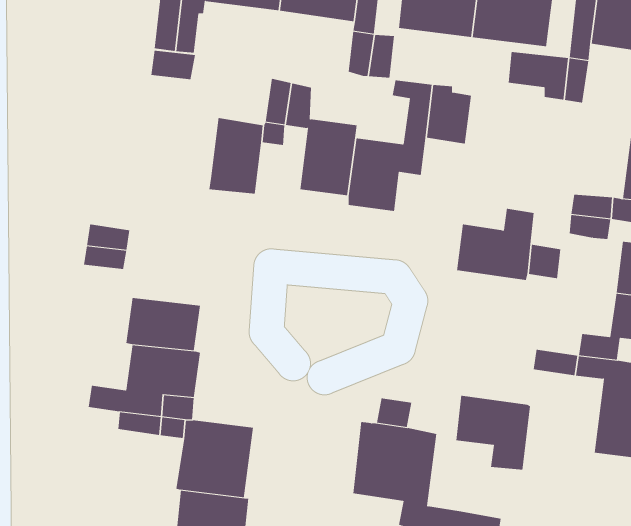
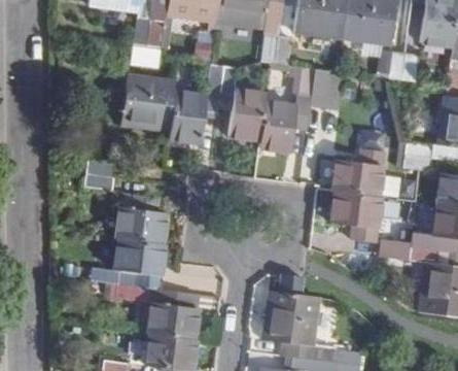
building: none -> [120,75,176,130]
building: [456,395,531,470] -> [330,191,380,240]

